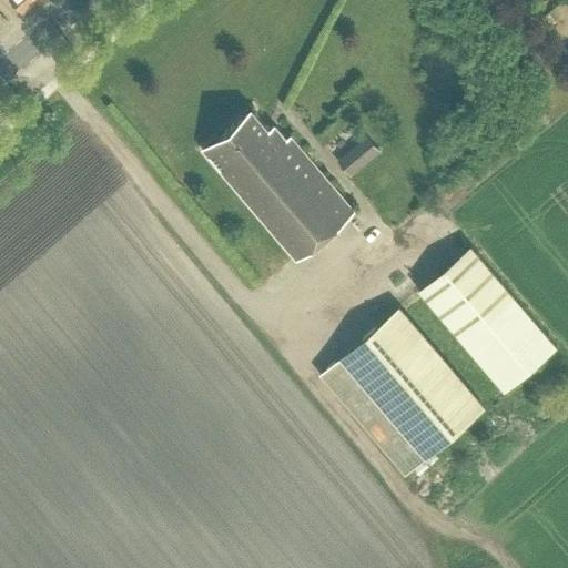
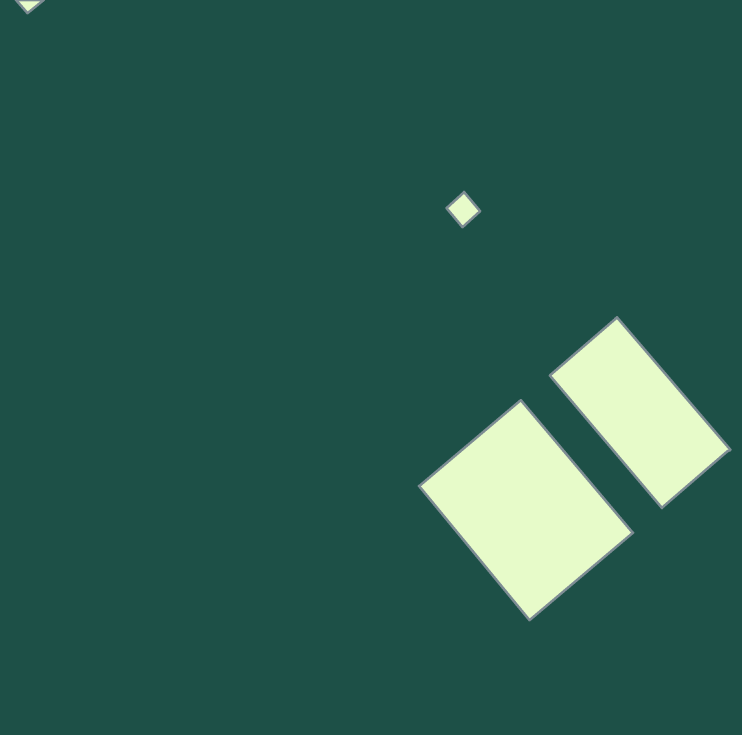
building: [205,113,356,264] -> none

